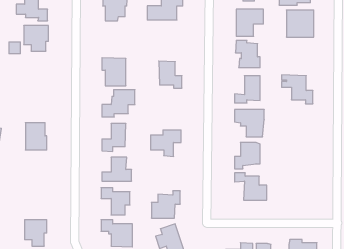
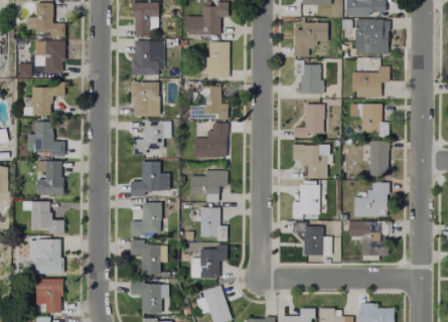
building: none -> [132,42,162,75]
building: none -> [202,45,230,79]
building: none -> [353,66,390,91]
building: none -> [23,86,50,113]
building: none -> [34,122,65,157]
building: none -> [194,124,228,157]
building: none -> [363,141,390,177]
building: none -> [354,183,388,216]
building: none -> [23,201,63,233]
building: none -> [200,208,228,240]
building: none -> [350,221,389,261]
building: none -> [36,239,63,274]

